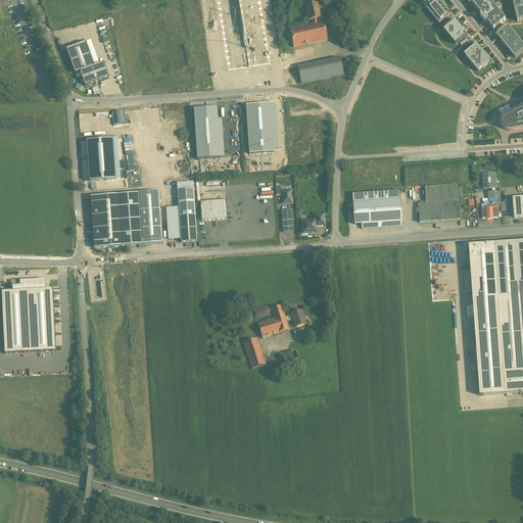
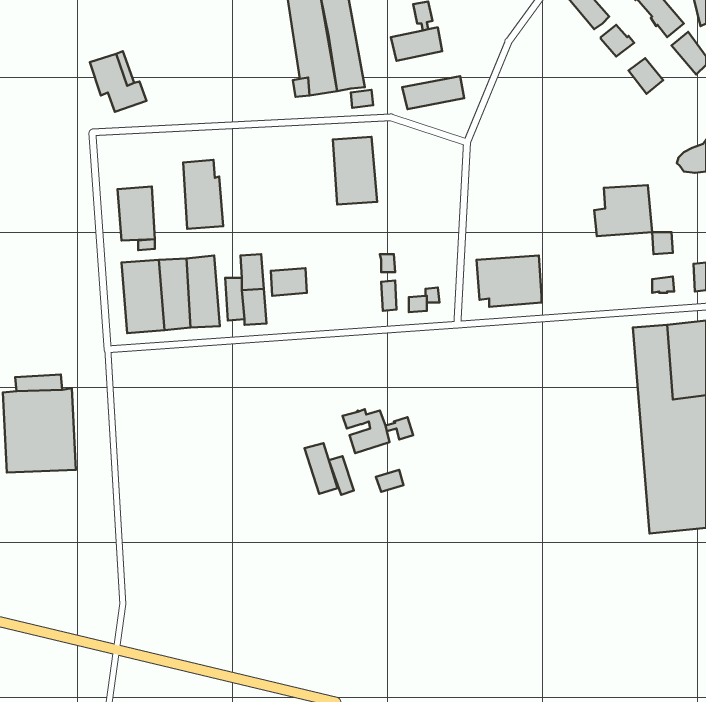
building: [194,105,224,156] -> [183,160,223,229]
building: [418,183,461,221] -> [594,185,652,236]
building: none -> [305,443,338,494]

